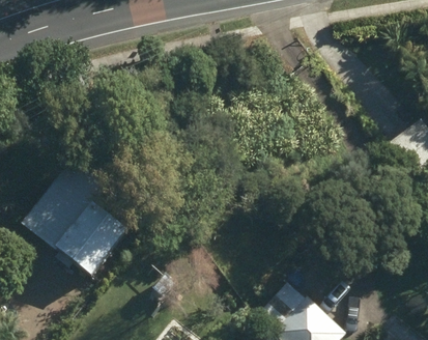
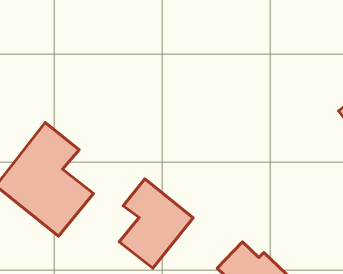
building: none -> [119,179,193,268]

